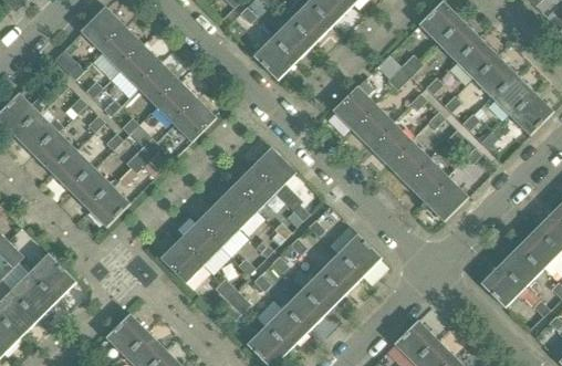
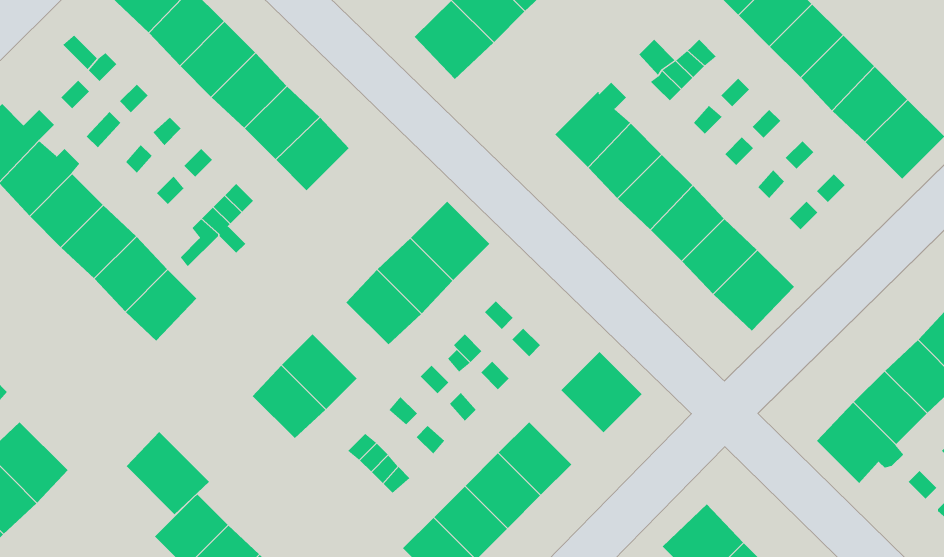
building: [195,206,238,249] -> none
building: [29,253,76,301] -> [126,431,210,515]
building: [318,255,360,297] -> none

